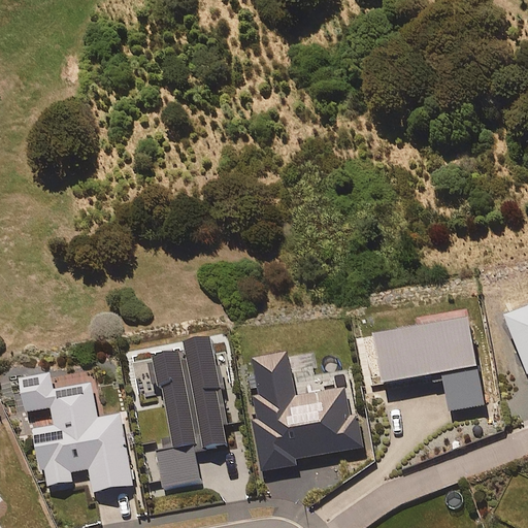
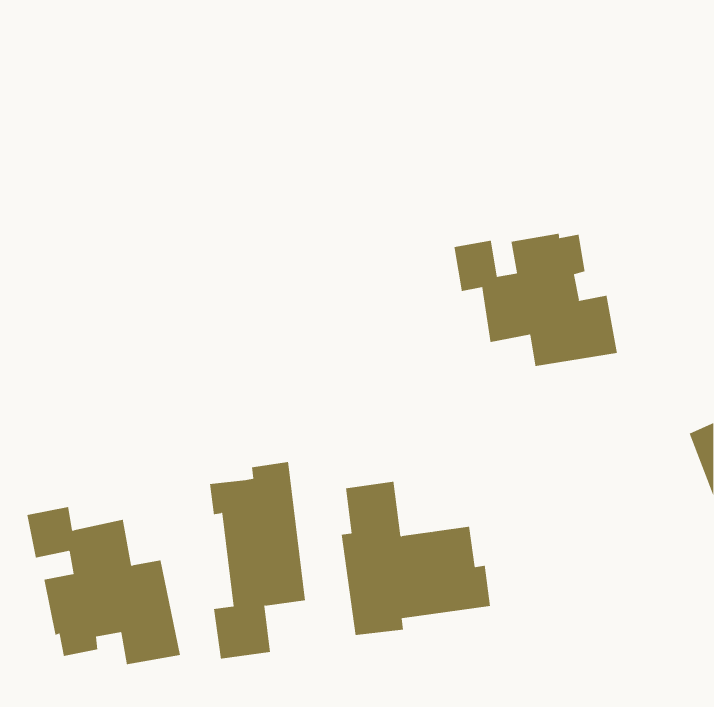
building: none -> [454,233,618,367]
building: [375,329,484,417] -> none

